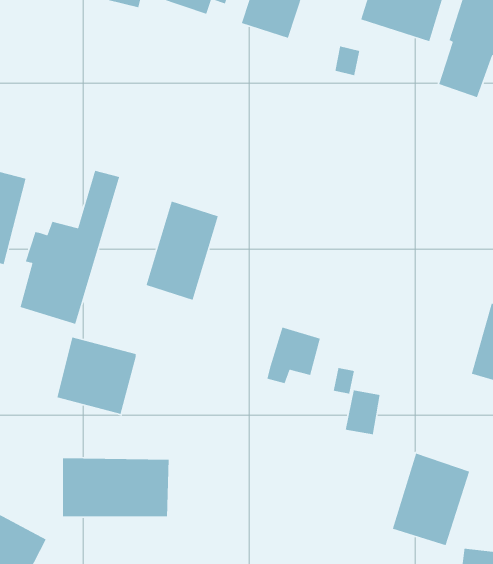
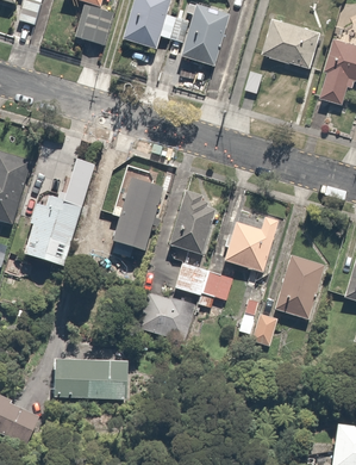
building: none -> [164,191,218,256]
building: none -> [220,216,279,274]
building: none -> [174,260,207,294]
building: [56,337,136,415] -> [138,289,194,343]
building: [392,452,470,546] -> [269,255,324,321]

